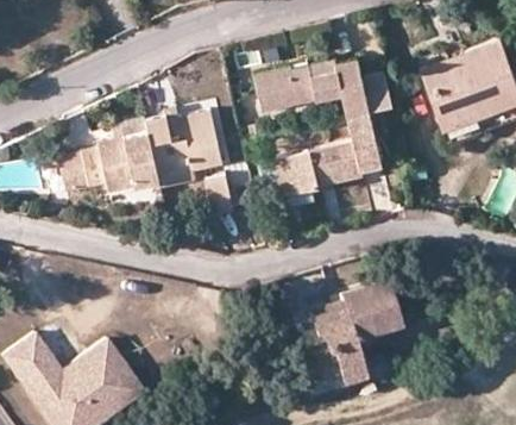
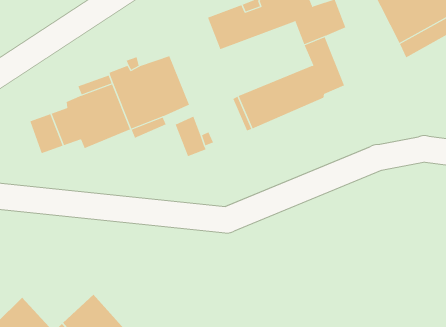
building: [309,280,402,383] -> none

